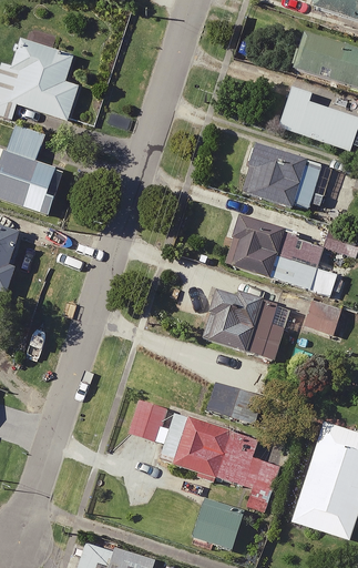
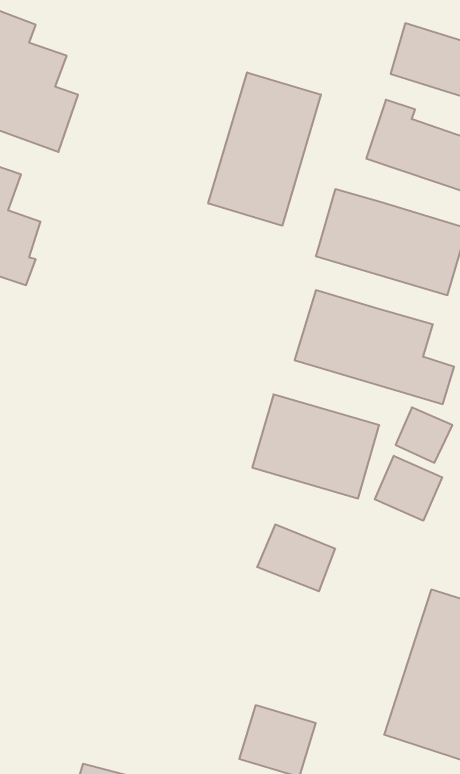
building: none -> [208,72,321,226]
building: none -> [375,456,442,521]
building: [129,399,286,511] -> none

